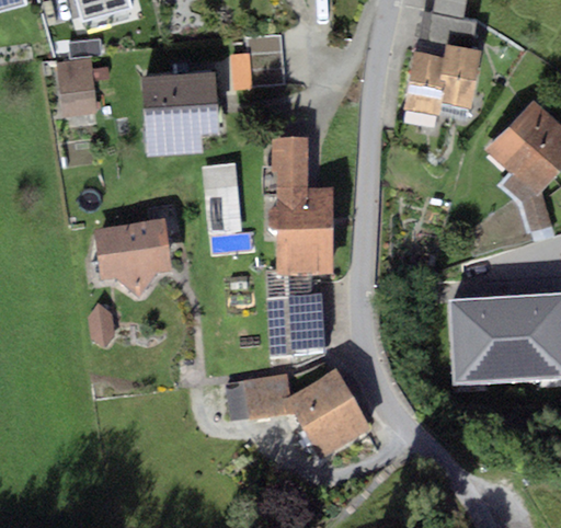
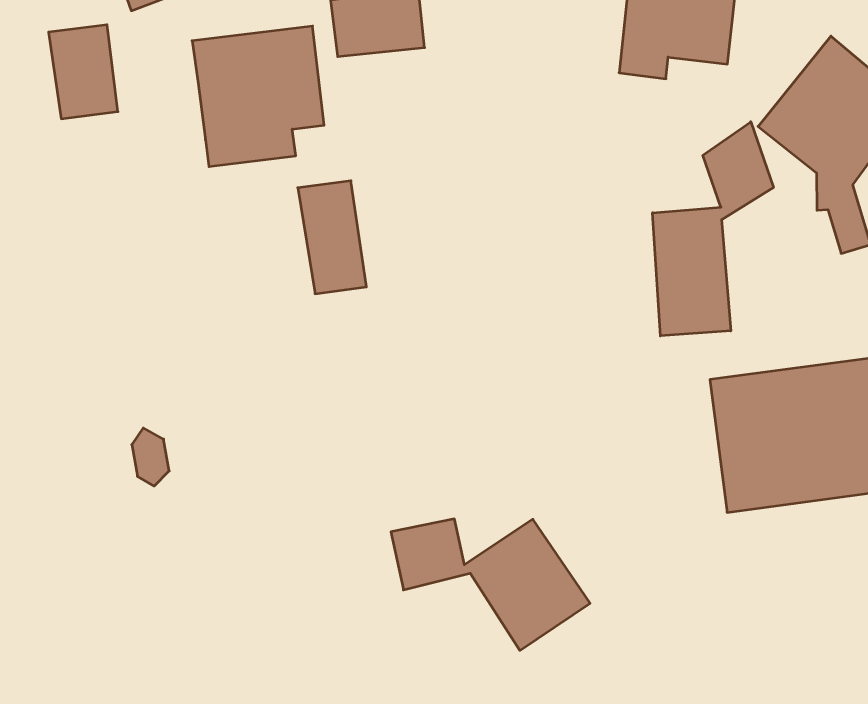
building: none -> [653,122,773,336]
building: [273,146,334,275] -> none
building: [96,226,172,299] -> none
building: [268,296,324,359] -> none

